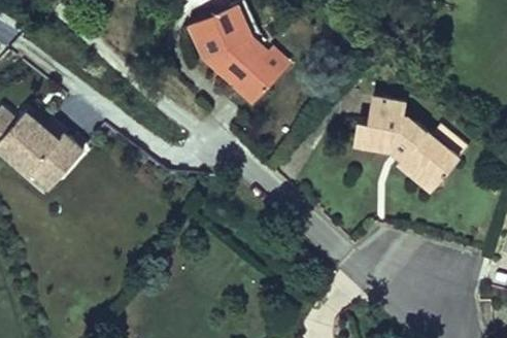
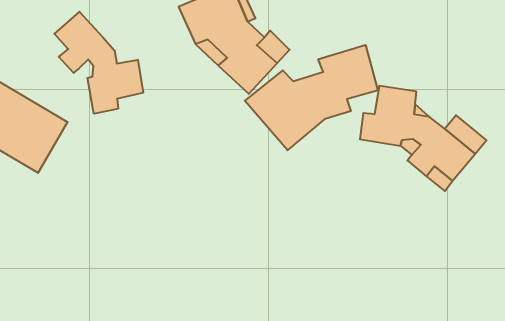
building: none -> [54,12,143,114]
building: none -> [245,45,378,150]

